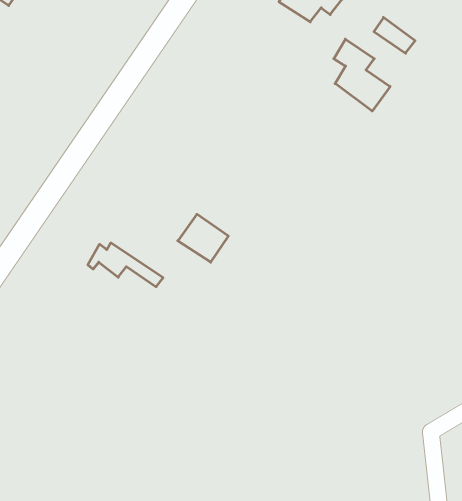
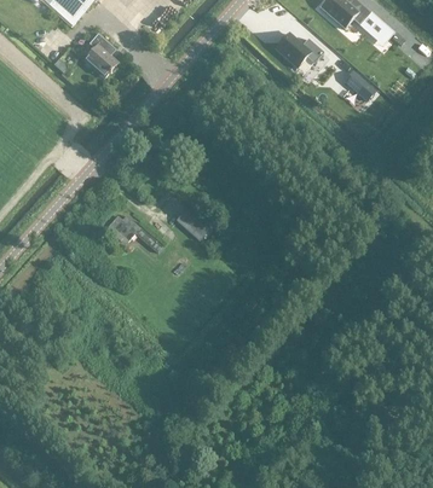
building: none -> [82,31,117,76]
building: [334,39,390,111] -> none

